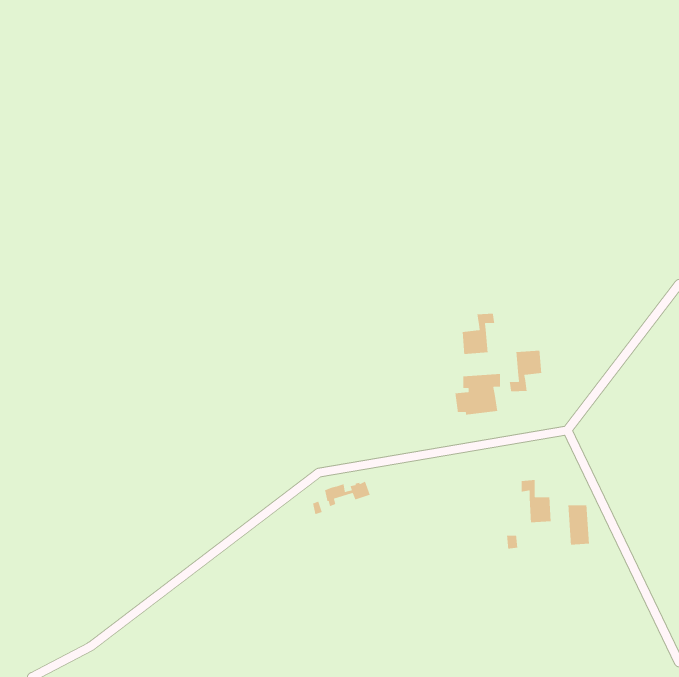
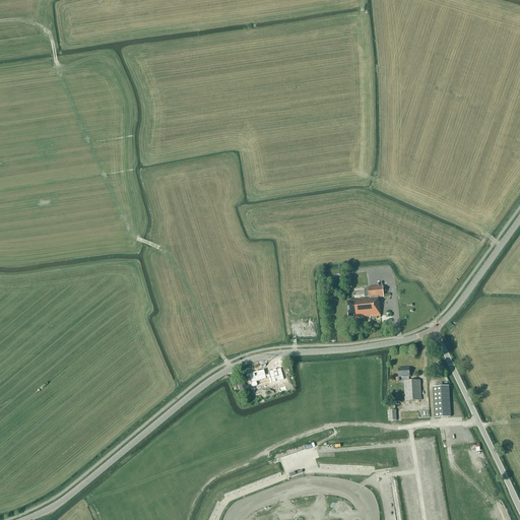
building: [462,313,495,355] -> none
building: [509,350,542,392] -> none

